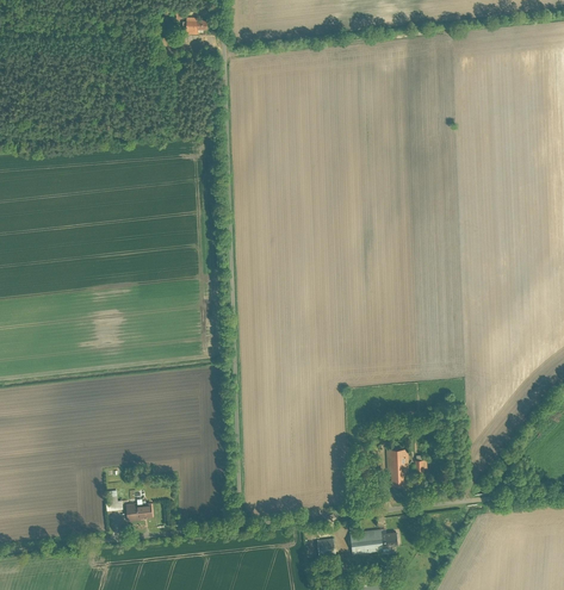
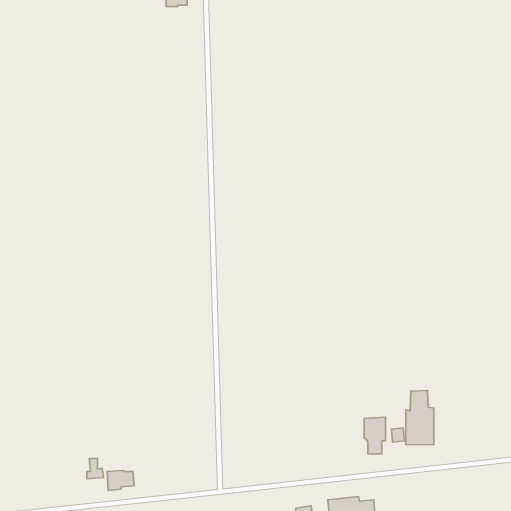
building: none -> [406,390,434,445]

